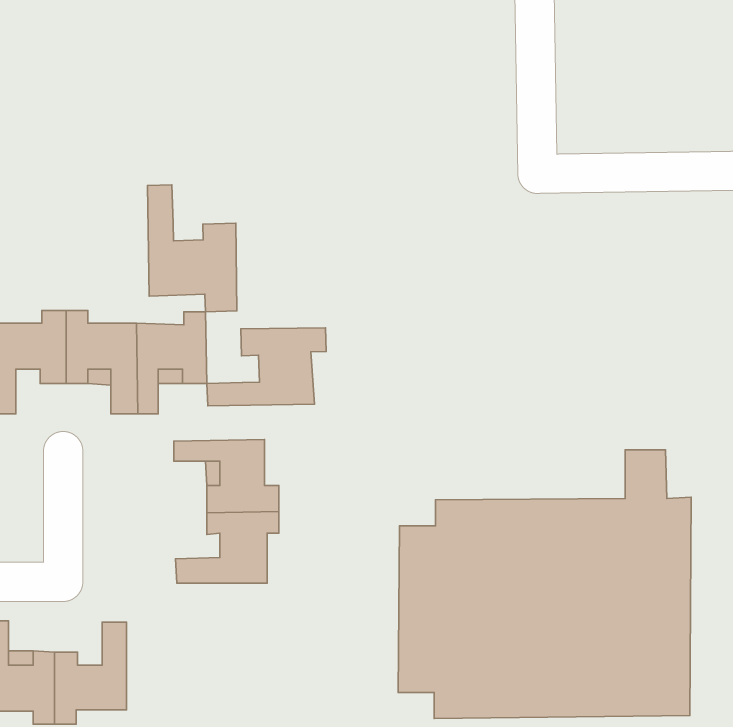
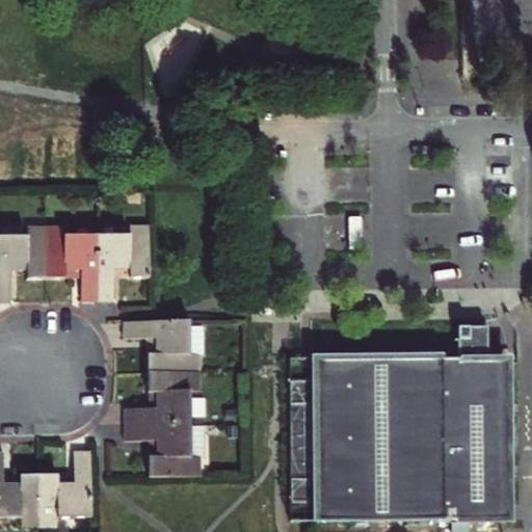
building: [147,185,237,312] -> none
building: [207,328,326,406] -> none
building: none -> [128,422,203,474]

